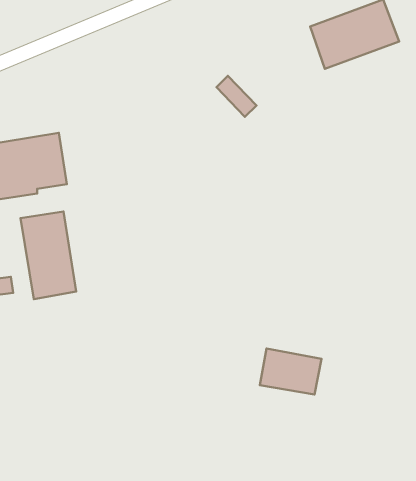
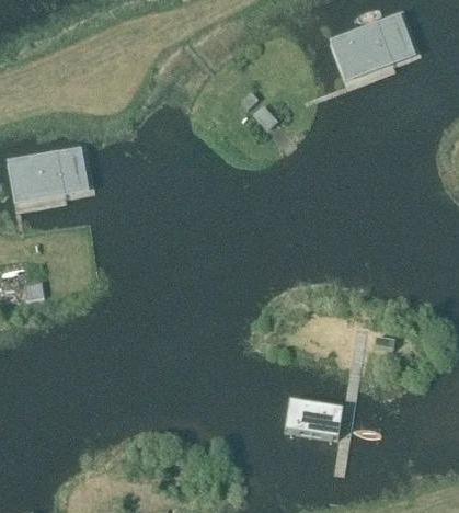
building: [20,211,76,299] -> none
building: [260,349,321,394] -> [284,396,343,440]

